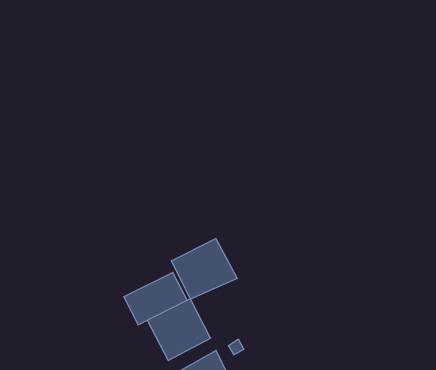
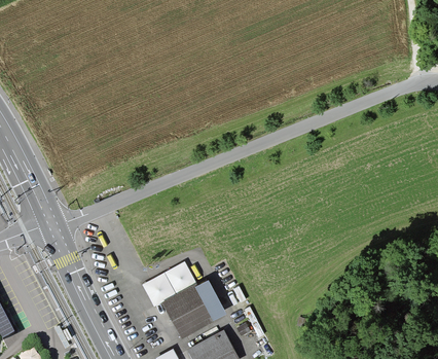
building: [171,239,237,299] -> none

